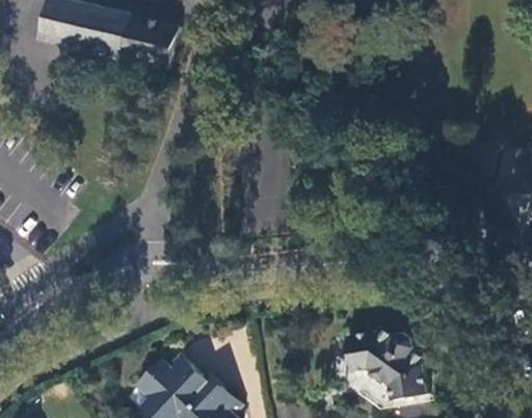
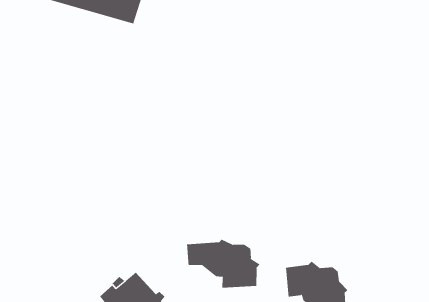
building: none -> [186,239,261,289]

